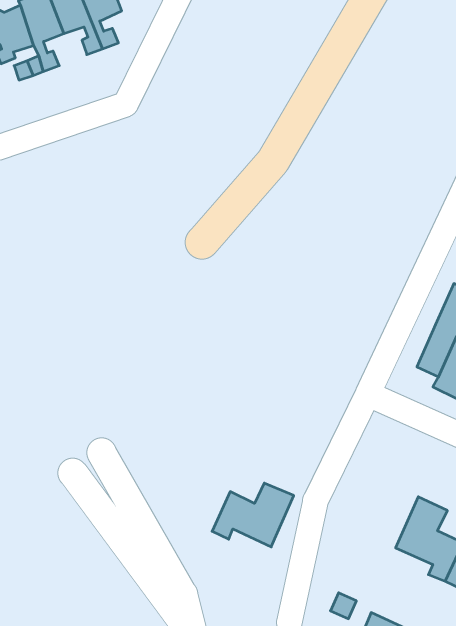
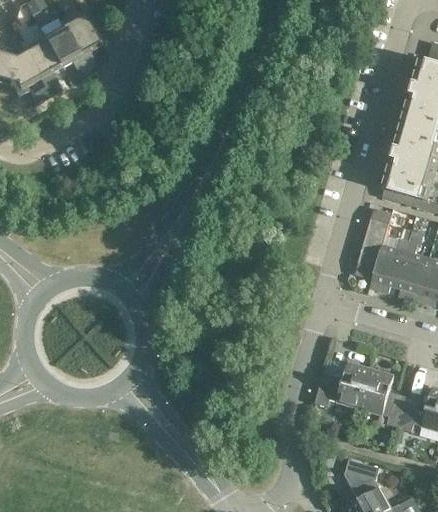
building: [212,483,294,547] -> [314,362,370,408]

